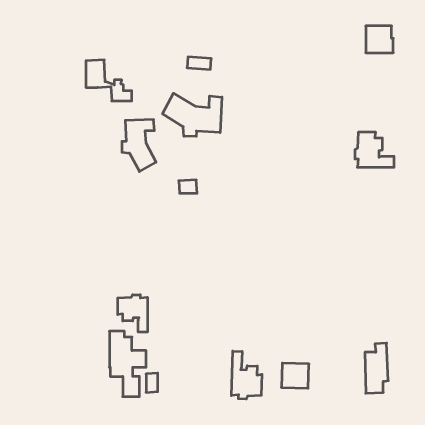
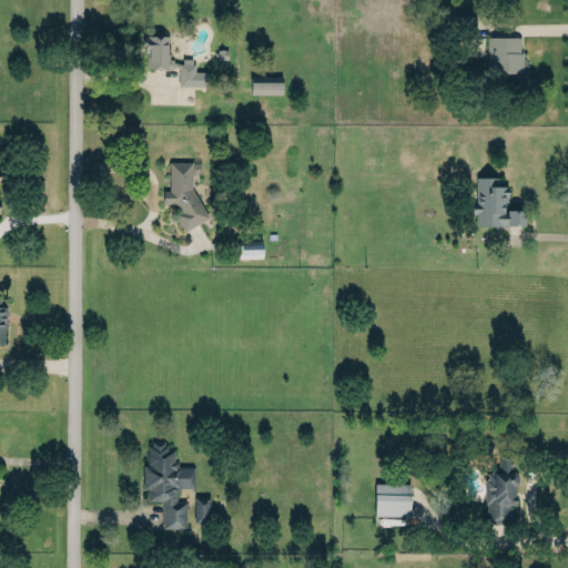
building: [86,60,132,101] -> [146,32,207,87]
building: [163,93,222,136] -> none
building: [118,295,147,332] -> none
building: [231,351,262,399] -> none

